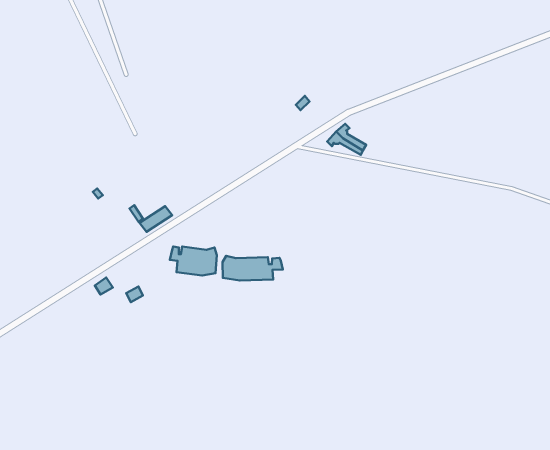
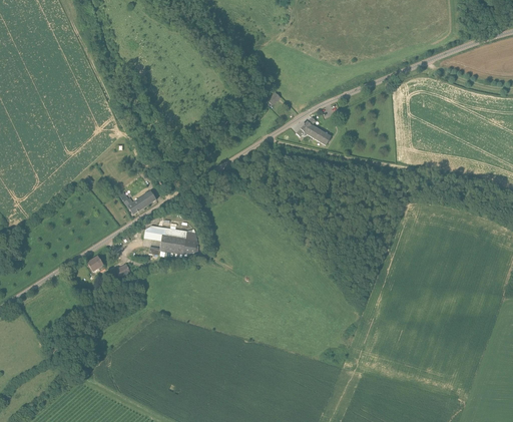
building: [223,256,283,281] -> none

